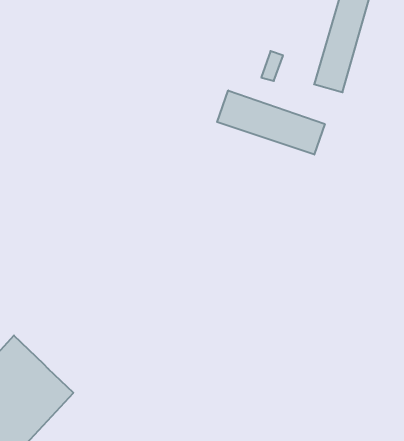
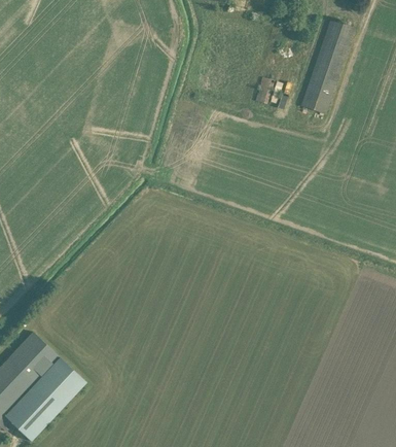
building: [217,90,325,155] -> none

